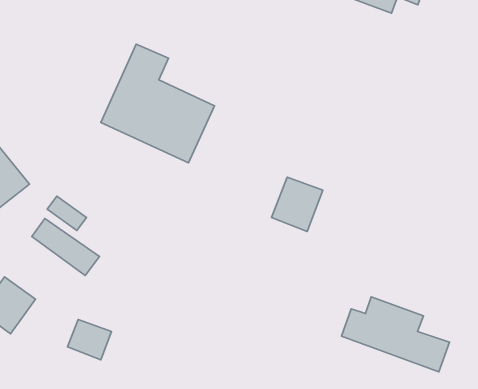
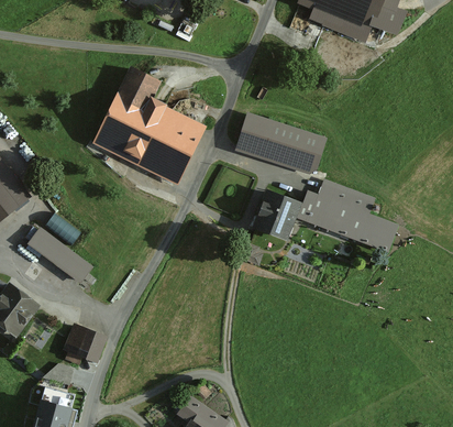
building: none -> [236,116,324,173]
building: [342,297,450,372] -> [299,180,399,250]

